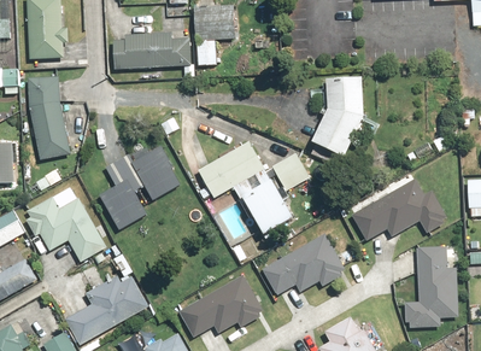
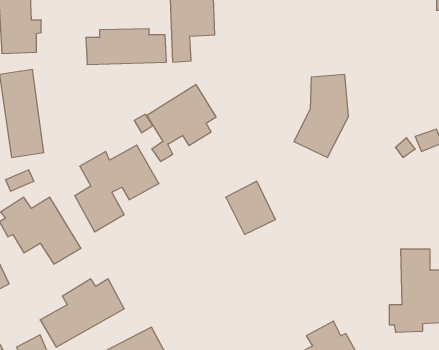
building: [198,140,265,215] -> [147,85,216,161]
building: [272,152,309,189] -> none
building: [347,175,445,240] -> none
building: [260,232,345,294] -> none
building: [176,270,259,334] -> none

